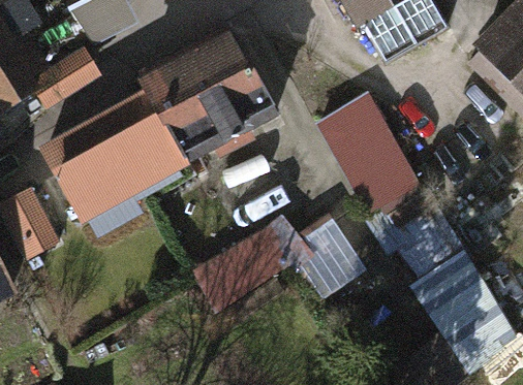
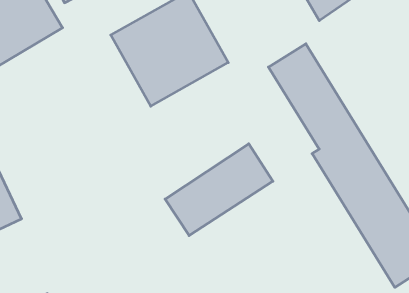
building: [19,81,181,228] -> none

